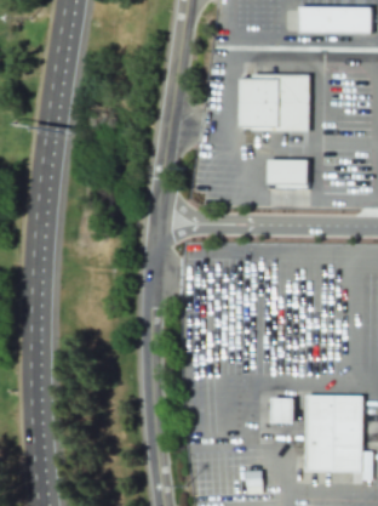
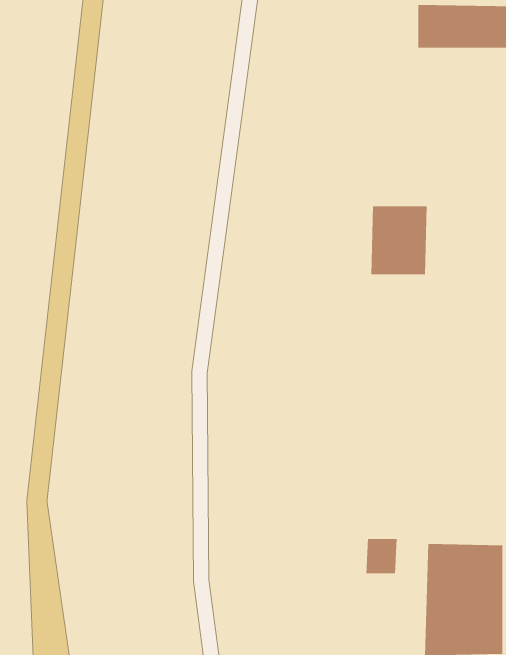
building: [247,78,317,133] -> none

